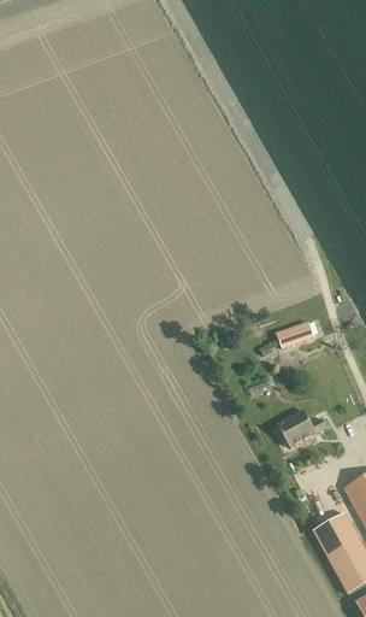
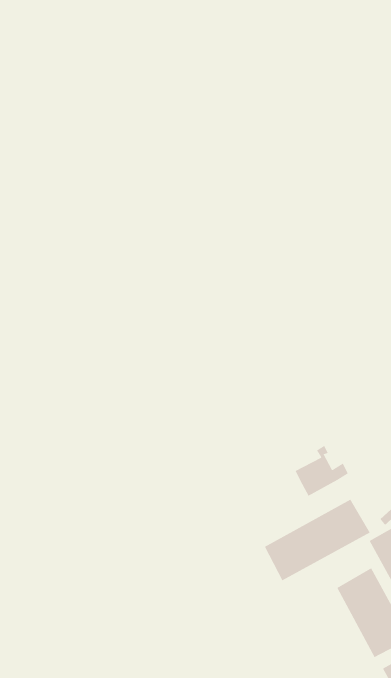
building: [274,321,311,348] -> none
building: none -> [264,499,370,581]

